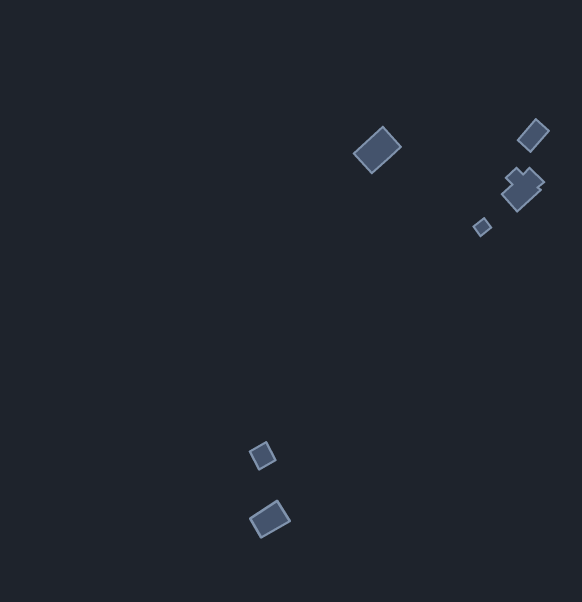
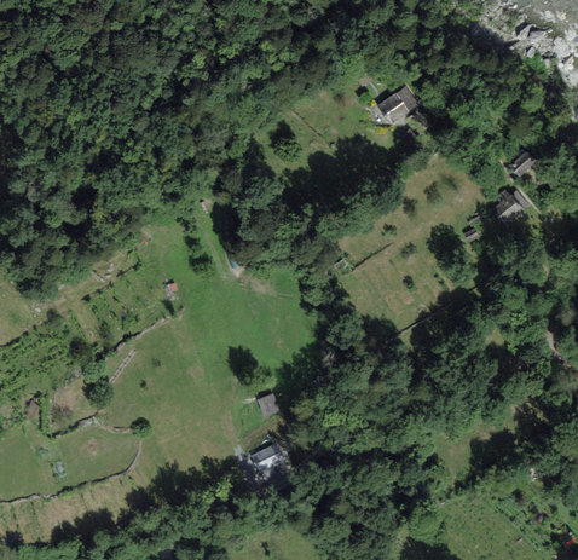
building: [354,127,401,173] -> [378,86,418,123]

